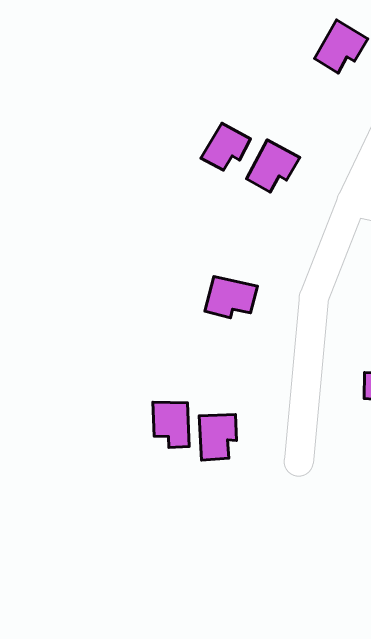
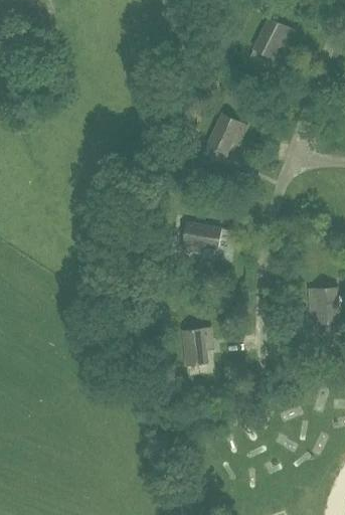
building: [201,123,251,170] -> none
building: [153,402,189,448] -> none

